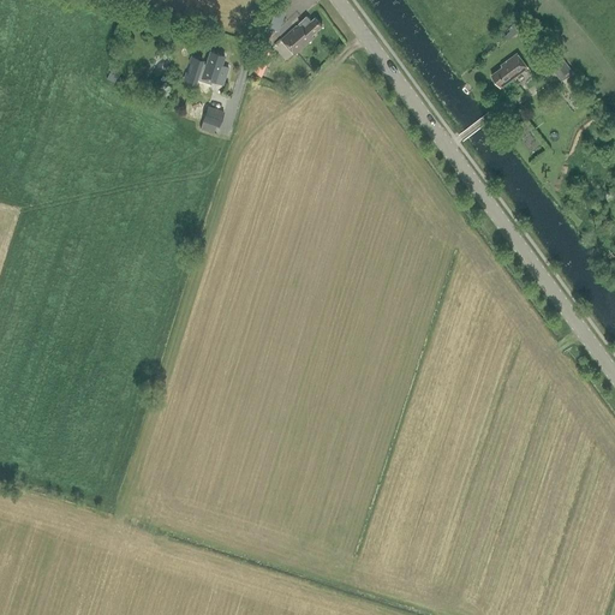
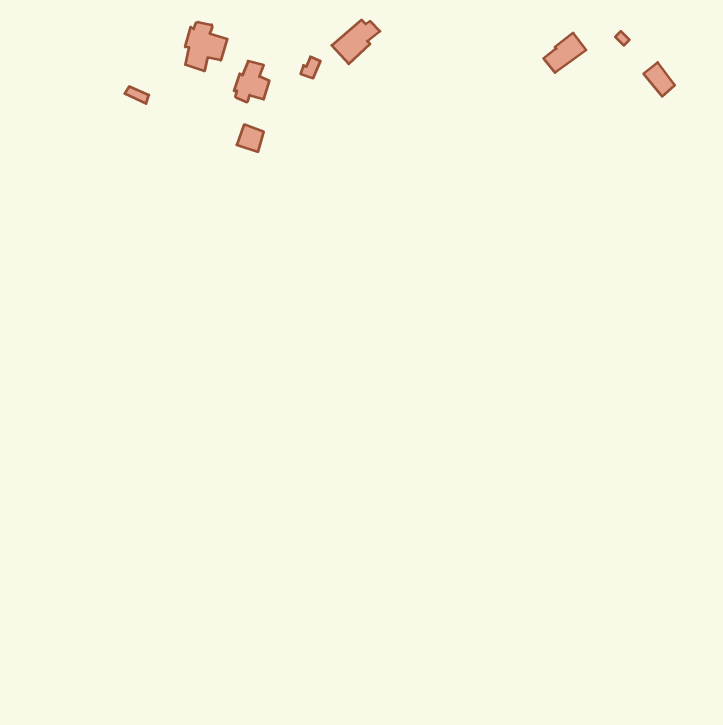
building: none -> [185,22,227,71]
building: [491,53,527,86] -> [544,33,586,73]

